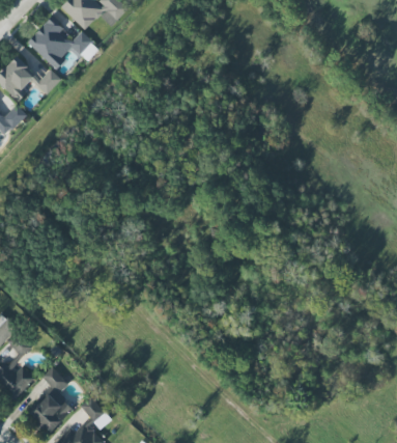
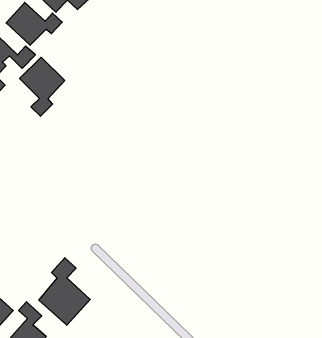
building: none -> [20,57,65,116]
building: none -> [39,258,90,325]

